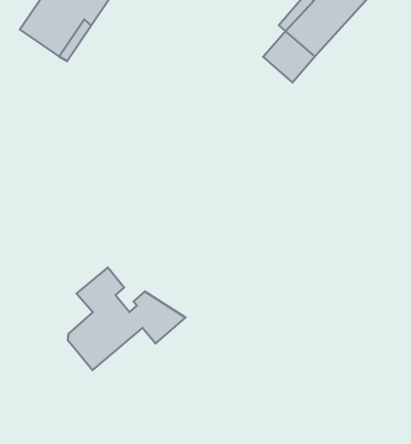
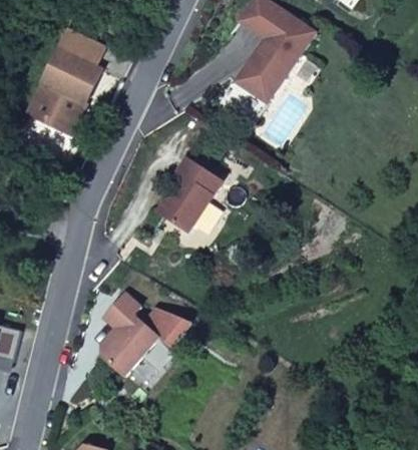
building: none -> [158,156,222,230]

